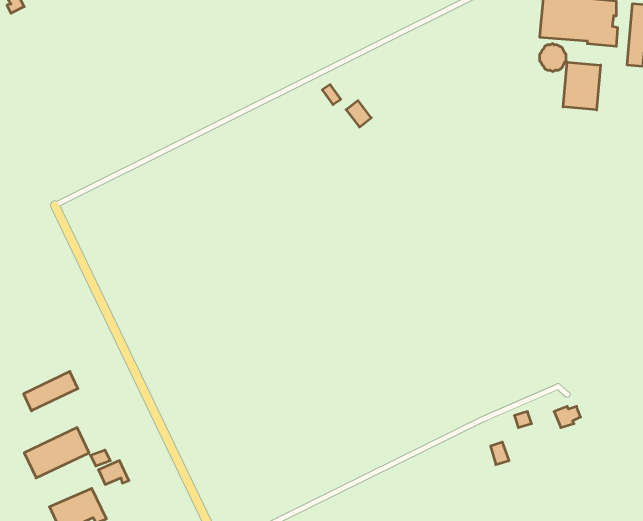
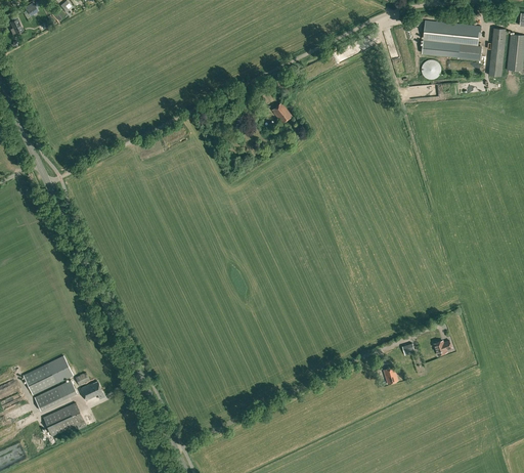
building: [563,62,601,110] -> none
building: [24,371,78,411] -> [35,380,77,411]

